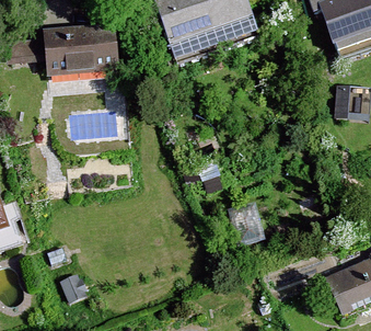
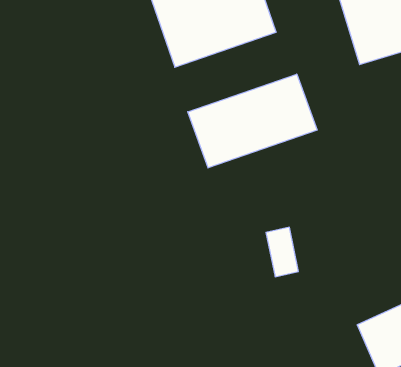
building: [43,20,119,72] -> none
building: none -> [188,74,317,168]

